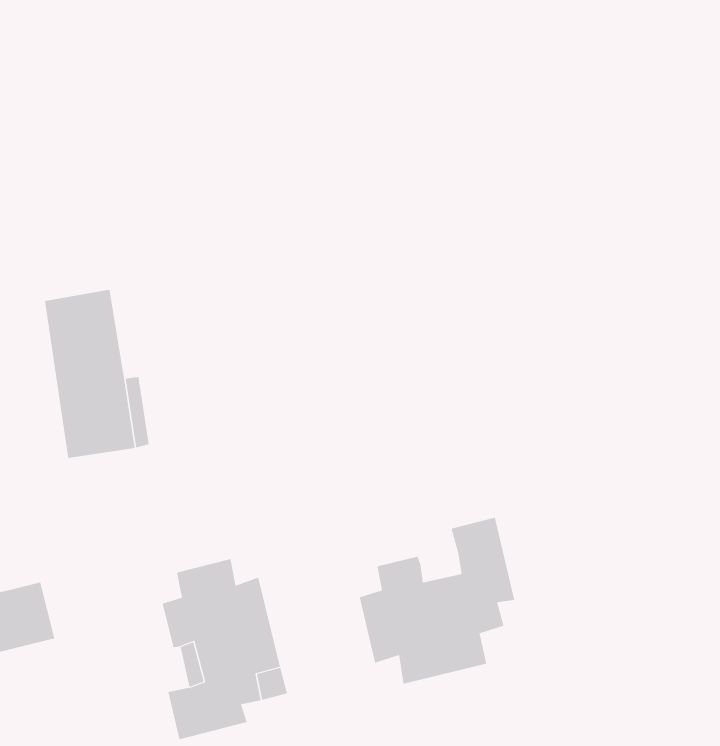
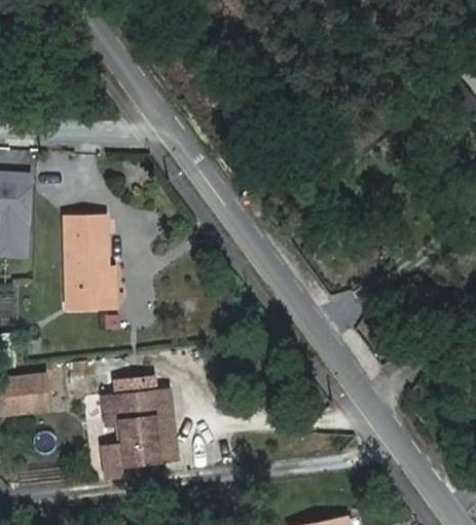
building: [359,517,515,685] -> none

